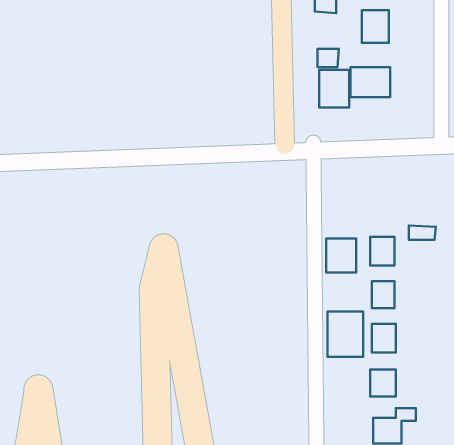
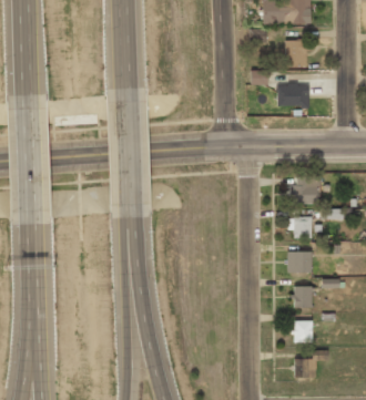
building: [319,70,349,107] -> none
building: [326,238,356,273] -> [296,176,319,203]
building: [328,312,363,357] -> none

